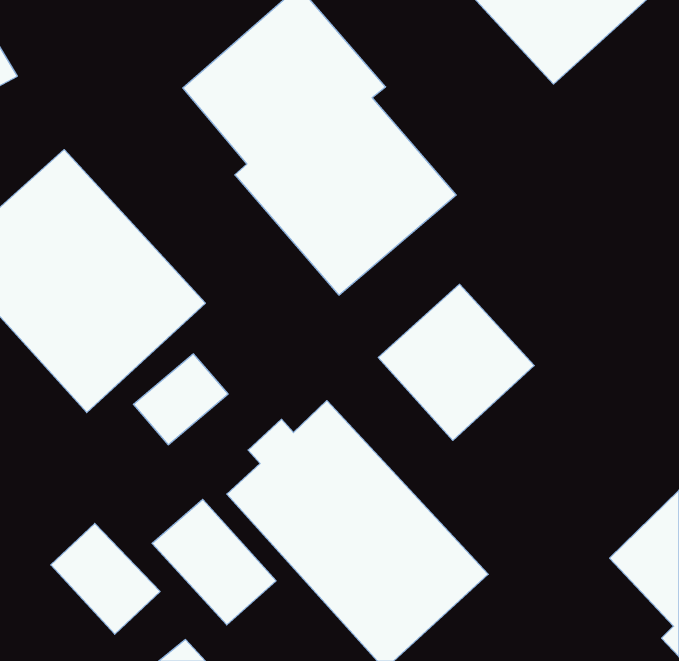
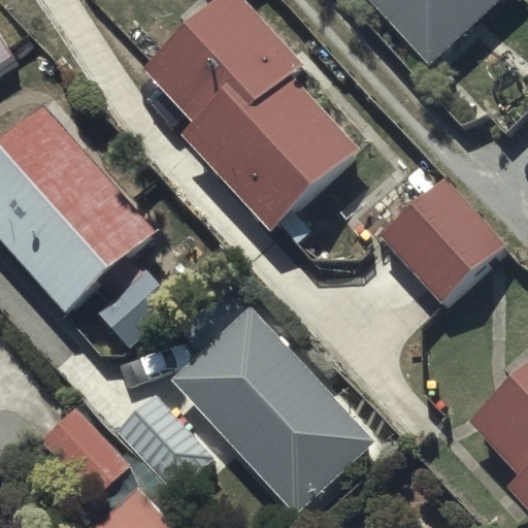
building: [378,284,534,440] -> [385,170,505,291]

